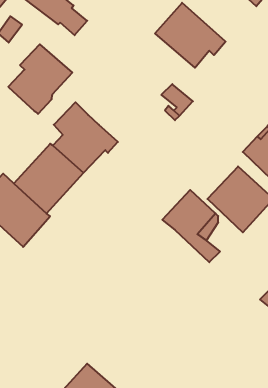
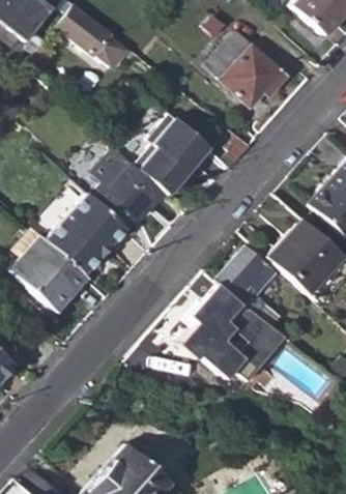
building: [8,44,72,114] -> [136,114,209,194]
building: none -> [185,291,284,377]

